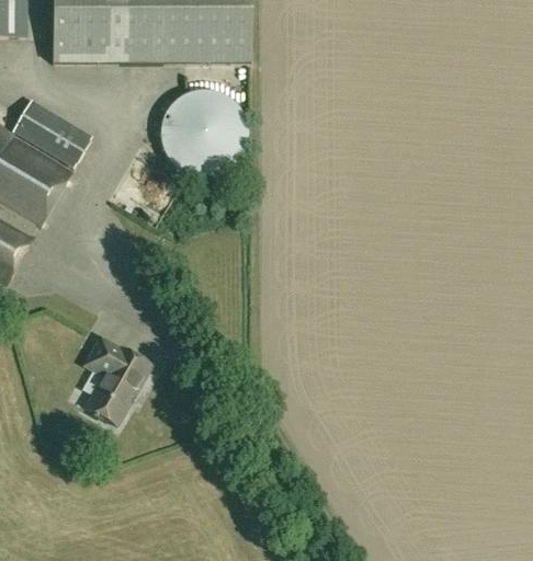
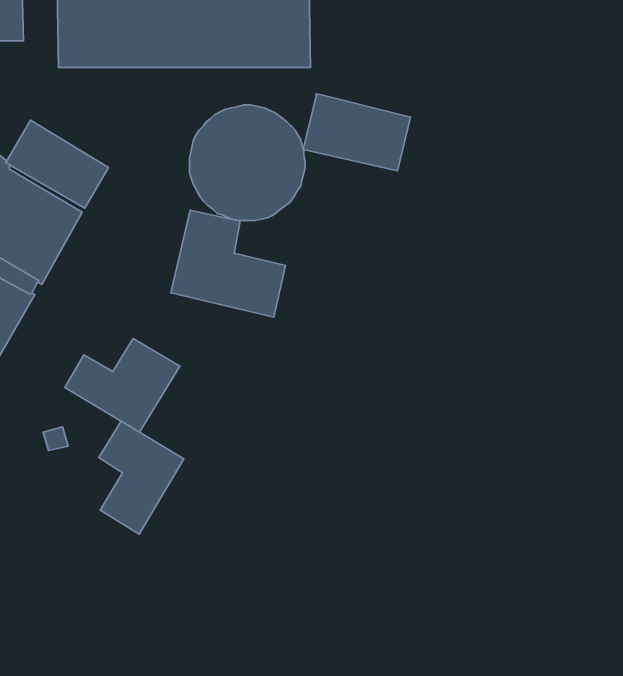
building: none -> [303,94,410,171]
building: none -> [171,210,286,317]
building: none -> [65,338,180,432]

